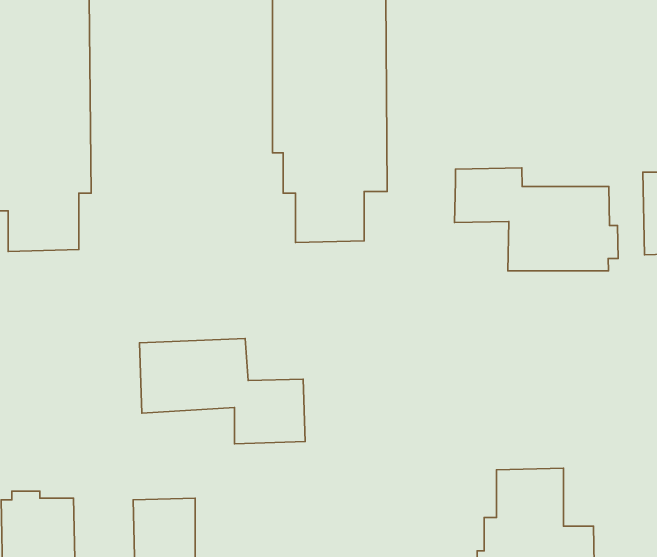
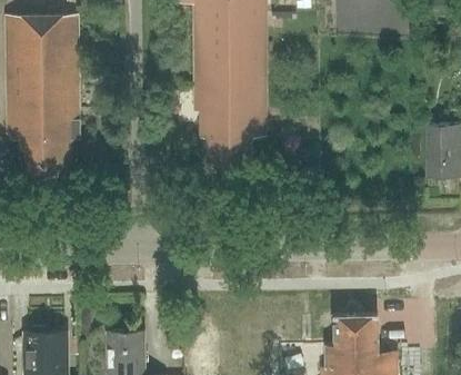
building: [454,168,618,271] -> none
building: [140,338,305,444] -> none

